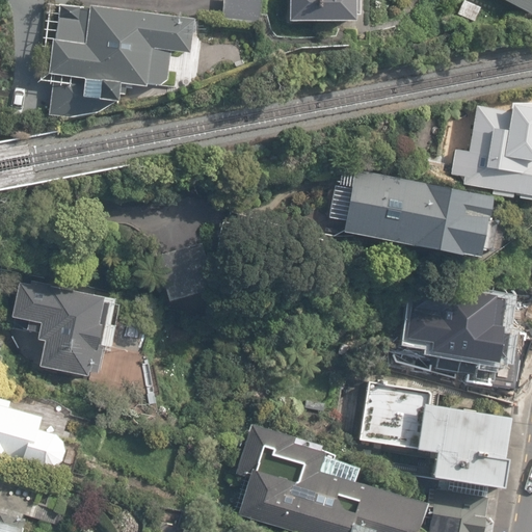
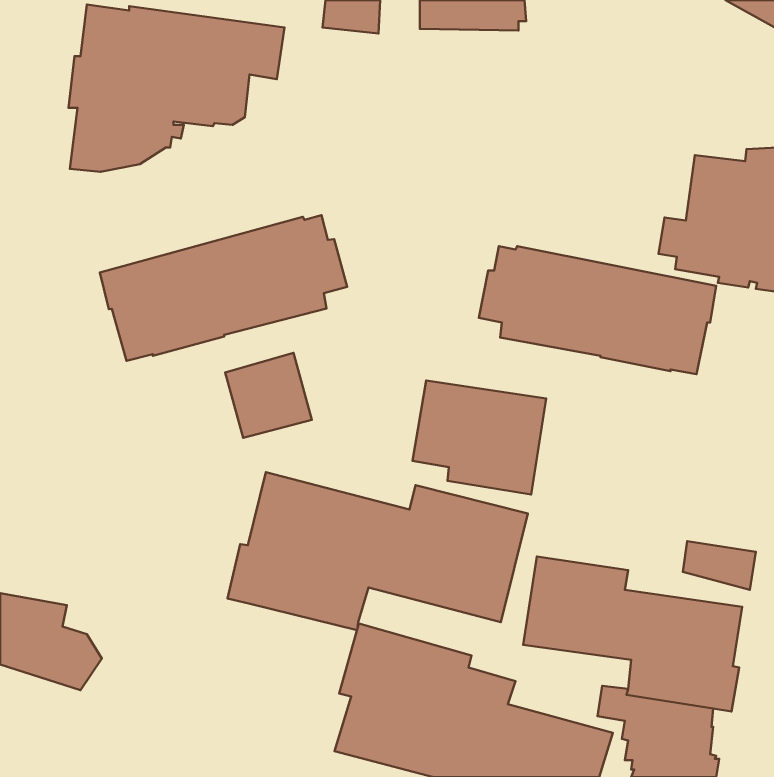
building: none -> [100,215,347,361]
building: [11,280,115,378] -> none
building: [405,282,497,360] -> [412,380,546,494]
building: none -> [227,472,528,630]

